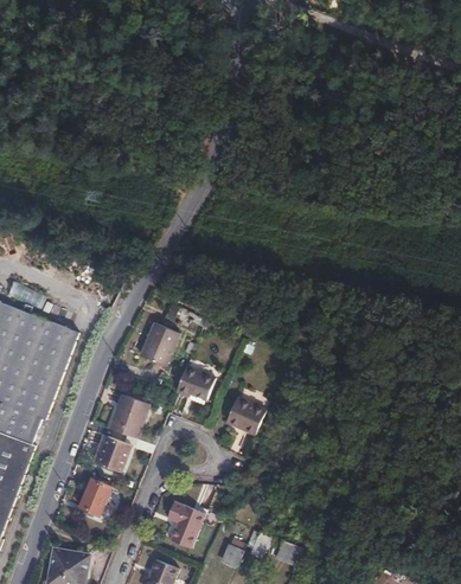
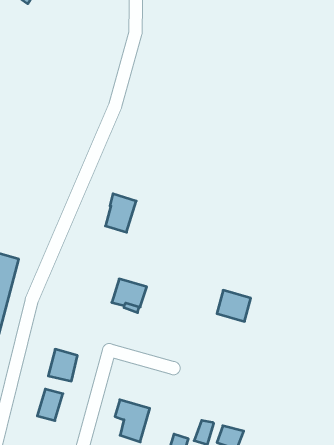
building: [140,323,177,367] -> [105,194,136,232]
building: [109,394,148,438] -> none
building: [224,396,263,432] -> [217,290,251,321]

